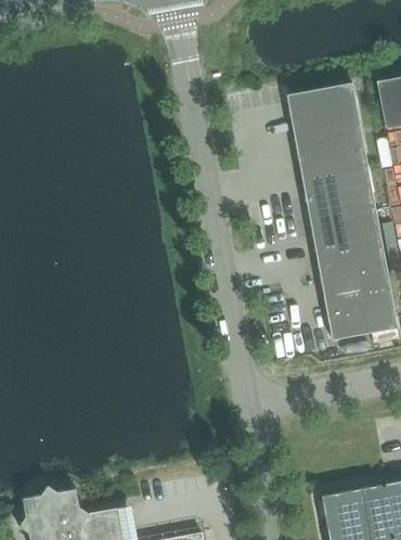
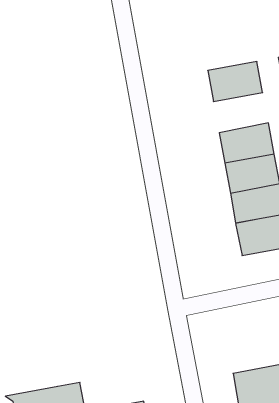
building: [295,126,367,179] -> none
building: [20,487,89,528] -> none

